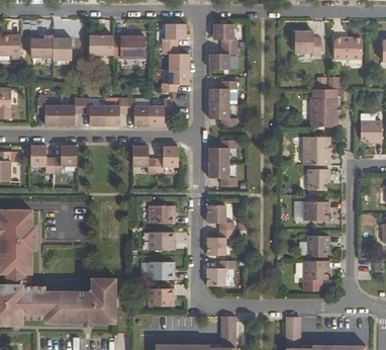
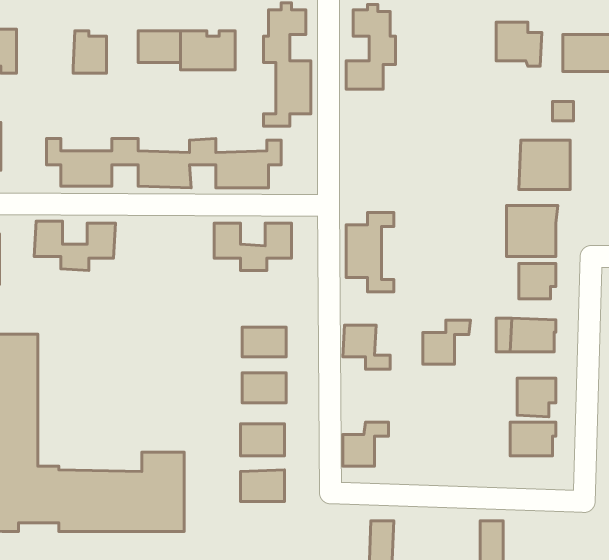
building: [31,35,54,57] -> none
building: [209,81,236,125] -> none
building: [207,230,234,255] -> [423,320,470,364]

